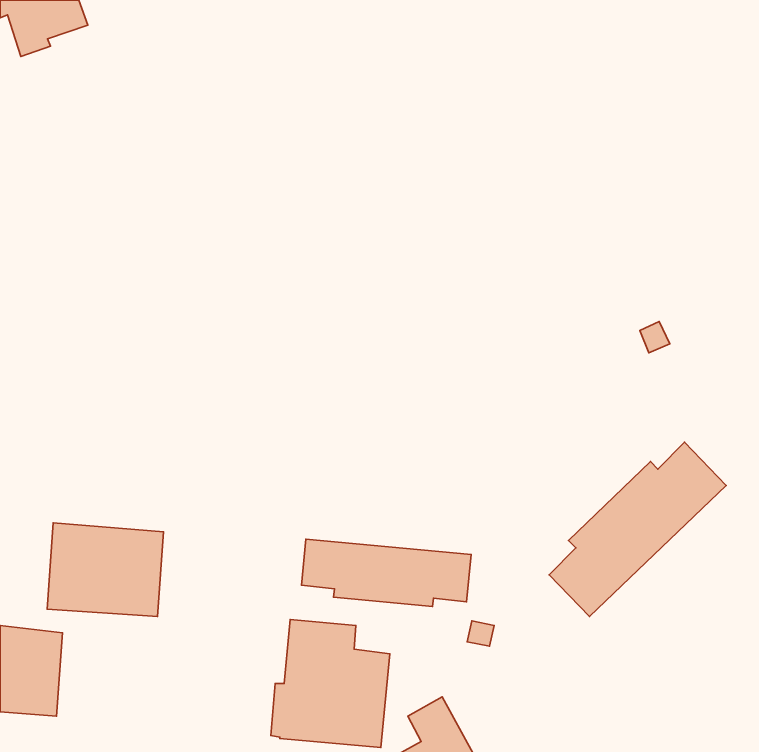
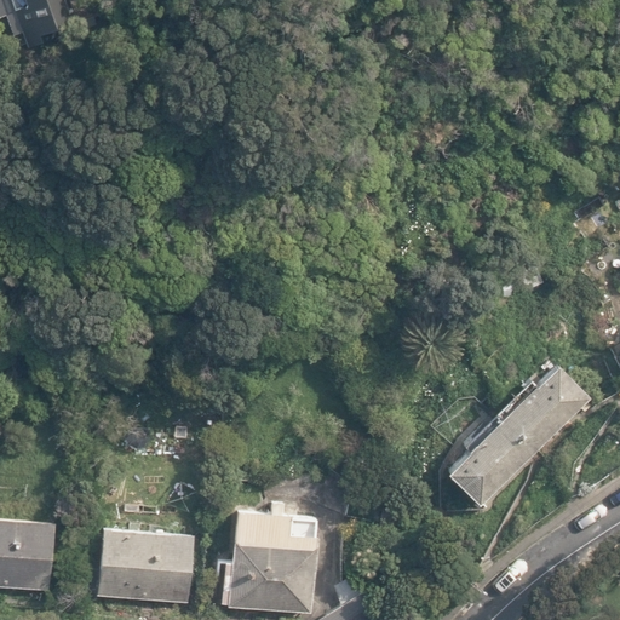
building: [47,523,163,617] -> [96,526,190,602]
building: [301,539,471,606] -> none

